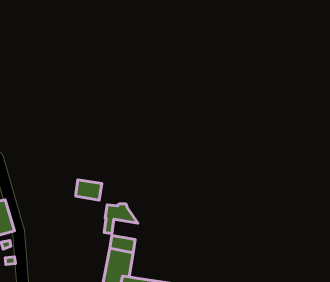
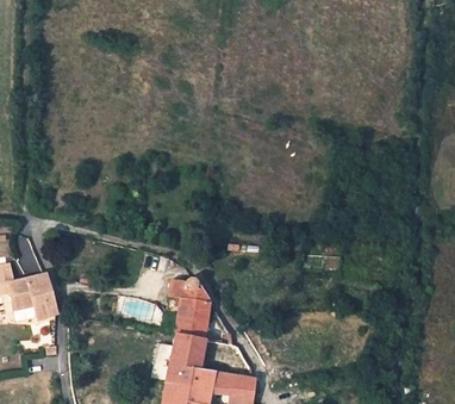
building: [76,180,102,200] -> [179,298,211,323]

